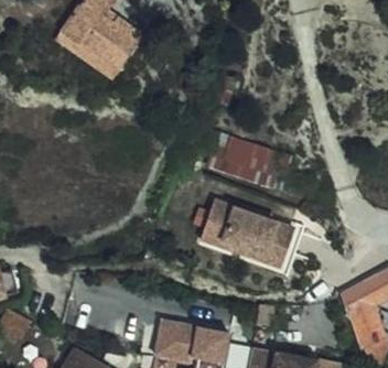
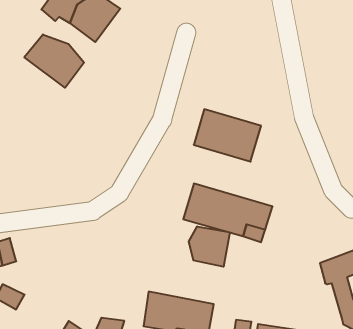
building: none -> [24,34,84,88]
building: none -> [189,226,230,267]

